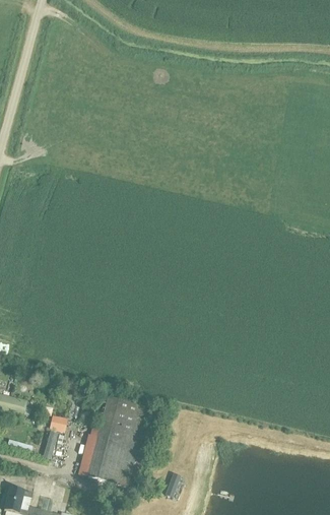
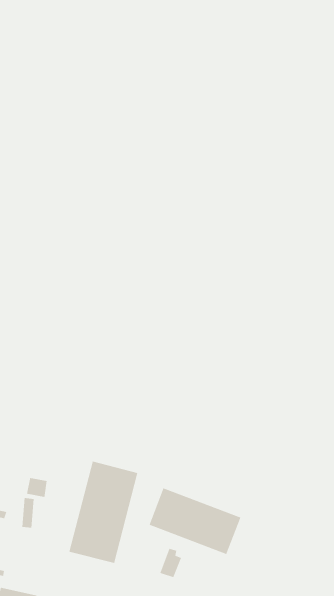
building: none -> [149,488,241,555]

